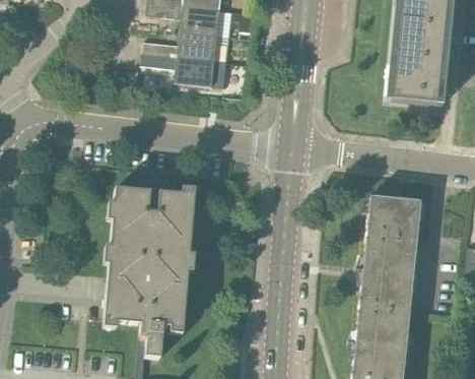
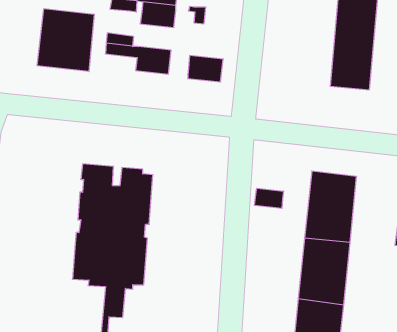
building: none -> [37,9,94,72]
building: [179,31,218,61] -> [188,55,223,82]
building: none -> [254,188,284,208]

